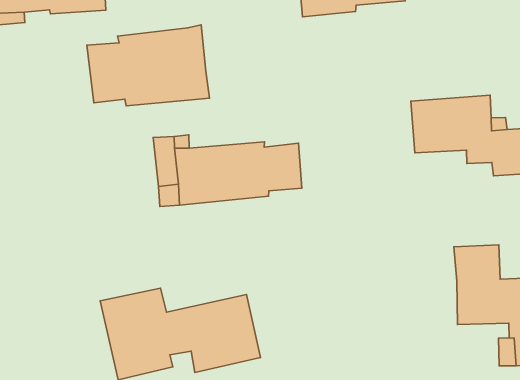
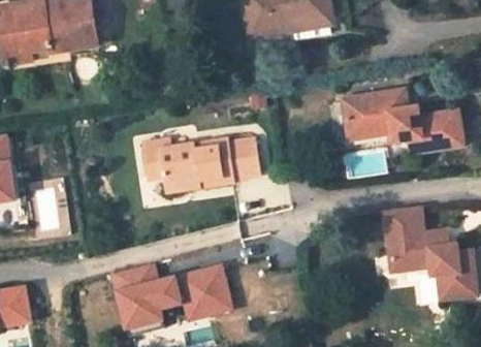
building: [87,25,209,106] -> none

